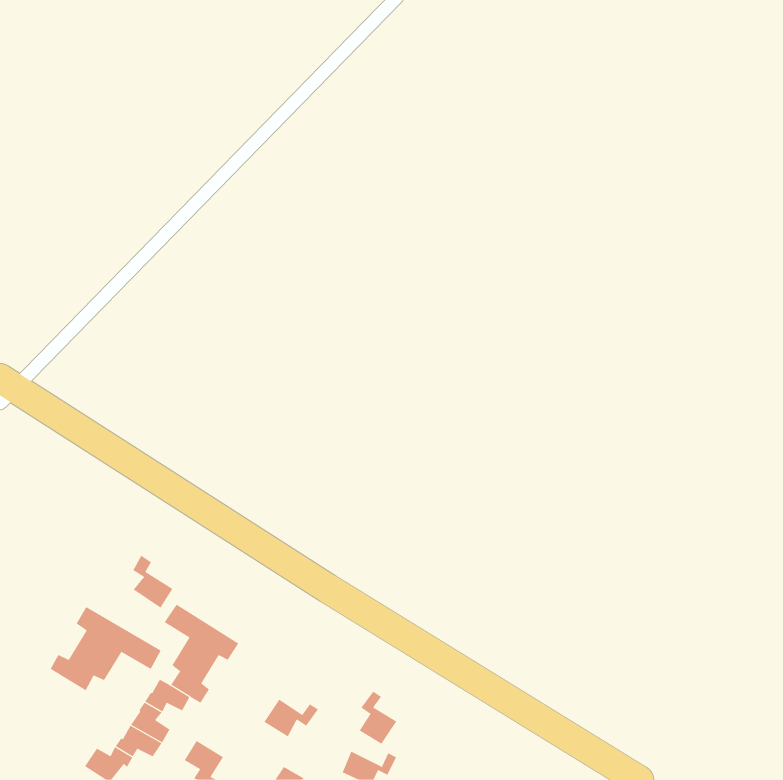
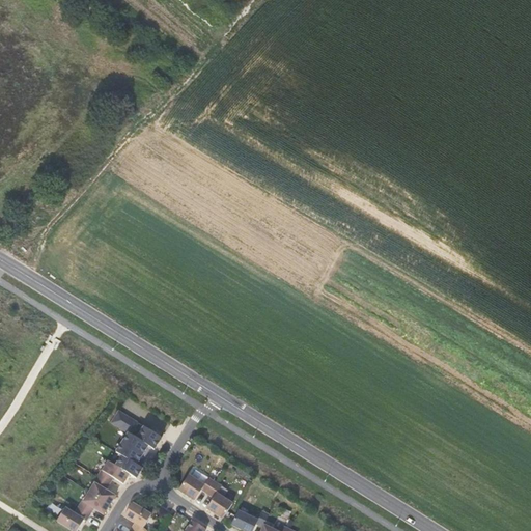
building: [132,555,173,608] -> none
building: [50,606,162,691] -> none
building: [359,691,397,744] -> [206,480,232,516]

